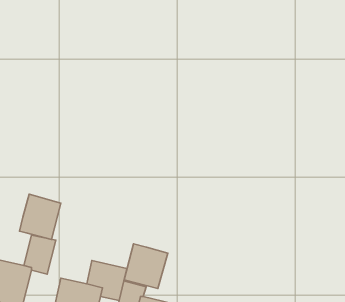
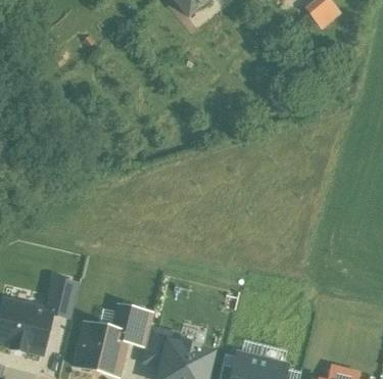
building: [19,194,61,239] -> none
building: [124,244,168,288] -> none

